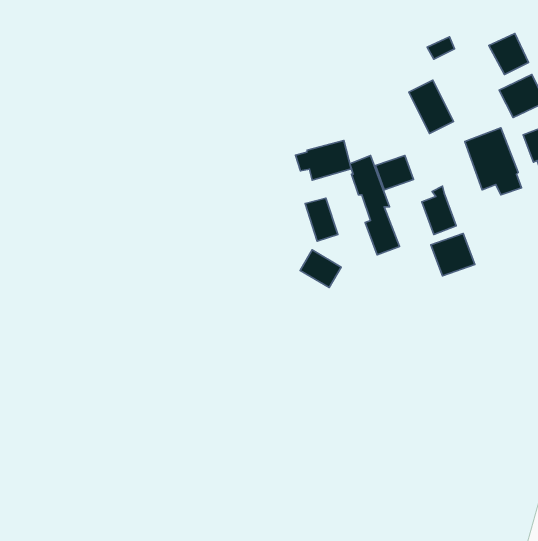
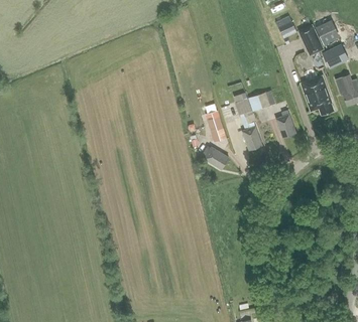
building: [409,80,453,134] -> [297,24,324,55]
building: [296,141,351,180] -> none
building: [431,234,475,276] -> none

